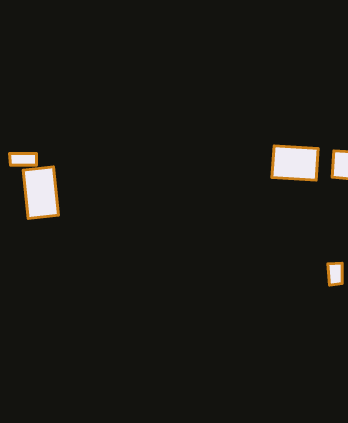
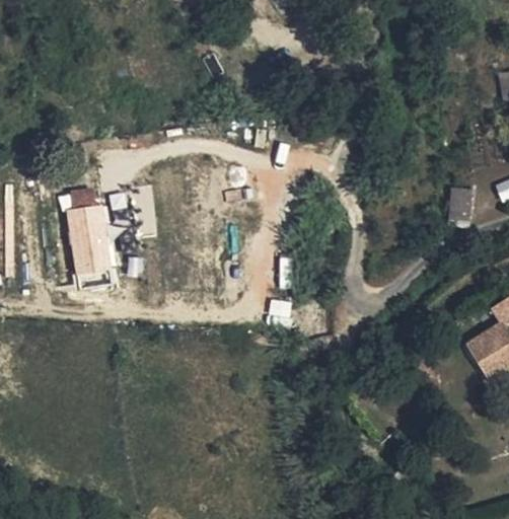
building: [272,146,318,180] -> none

